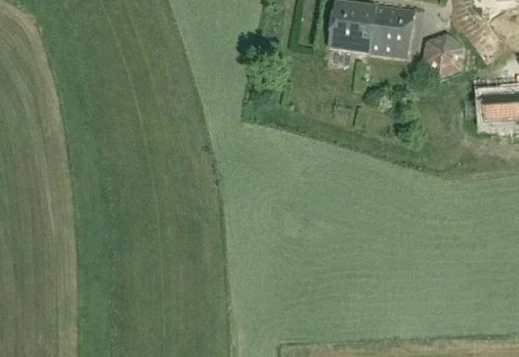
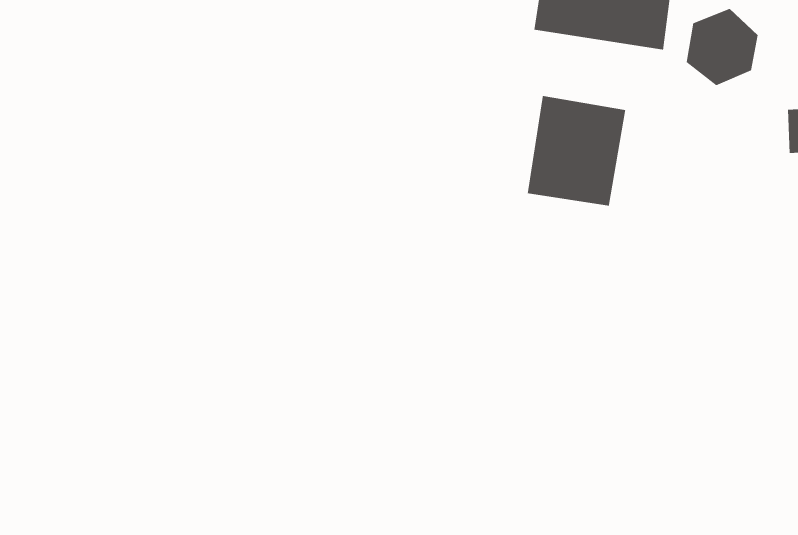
building: none -> [527,95,626,207]

